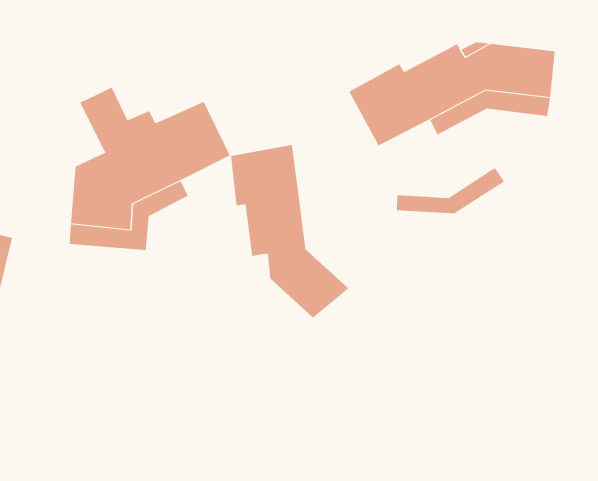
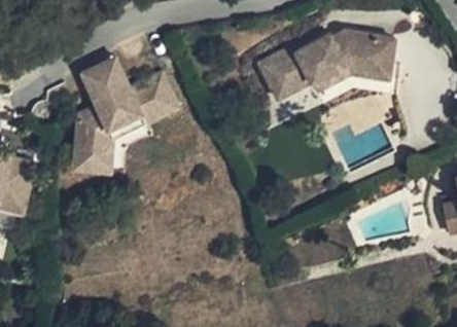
building: [230,144,349,319] -> none
building: [397,167,505,214] -> none

